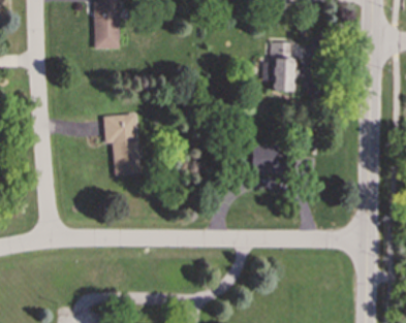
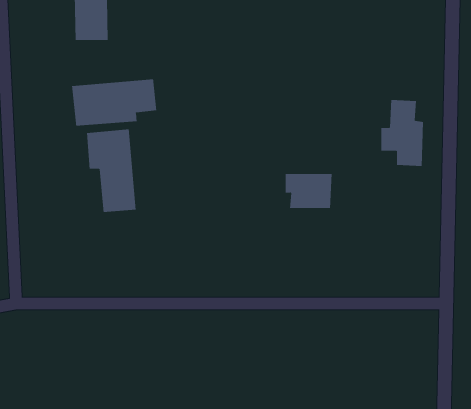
building: [263,42,295,92] -> [381,99,424,167]
building: none -> [72,79,157,127]

